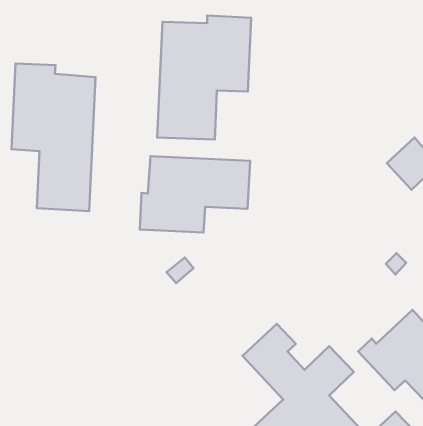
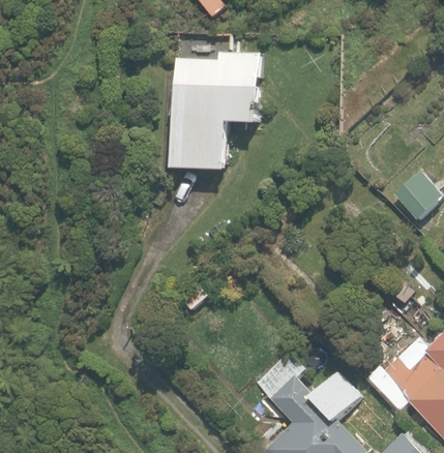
building: [11,64,95,211] -> none
building: [140,156,250,232] -> none

